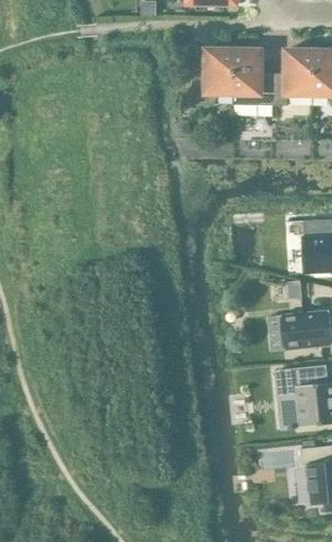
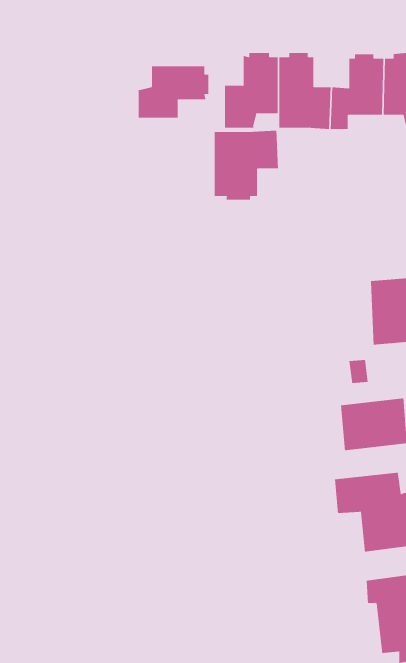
building: none -> [138,65,209,118]
building: none -> [214,130,278,201]

